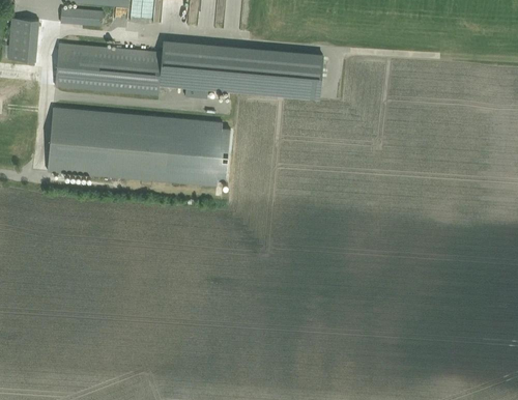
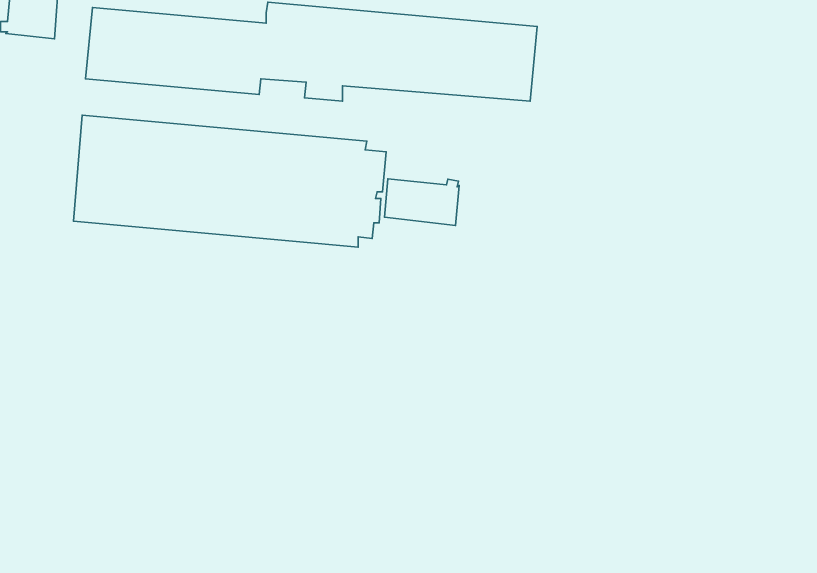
building: none -> [385,179,459,226]

